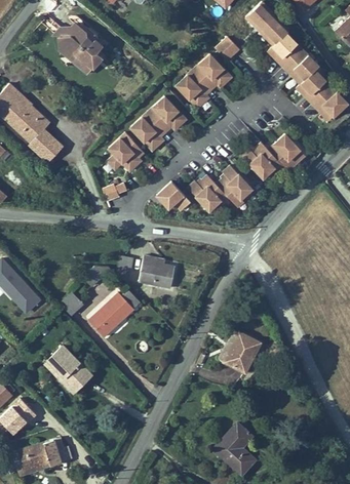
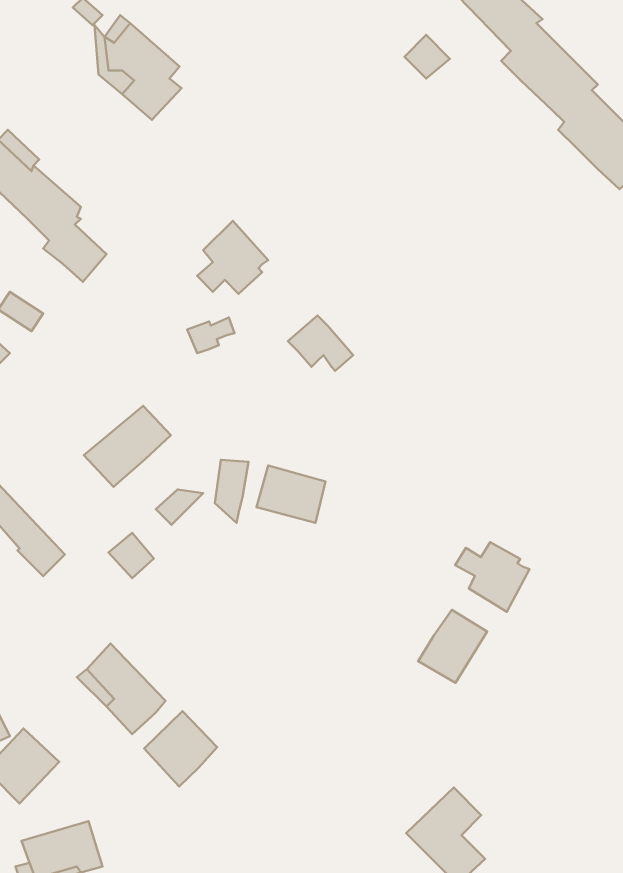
building: [178,52,231,106] -> none
building: [130,93,187,149] -> none
building: [243,133,306,175] -> none
building: [187,165,250,212] -> none
building: [90,295,135,337] -> [84,406,171,487]
building: none -> [455,542,529,612]
building: none -> [144,711,217,786]

